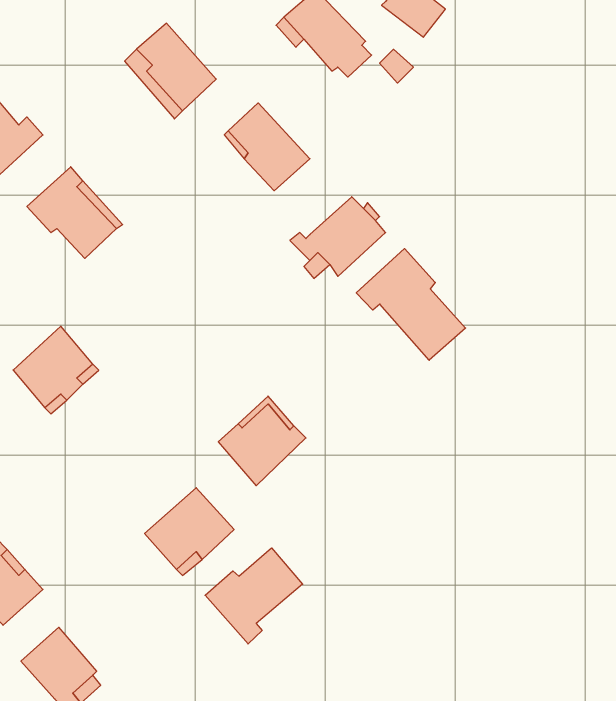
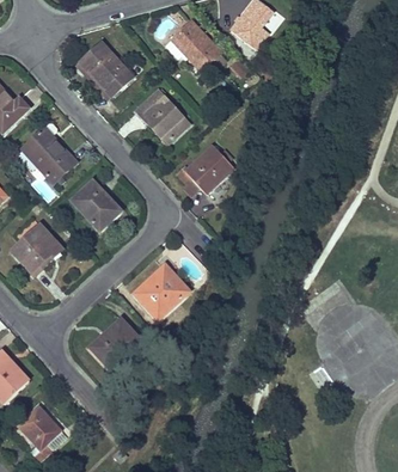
building: [356,249,466,360] -> none
building: none -> [72,179,121,229]
building: [205,548,303,644] -> none

